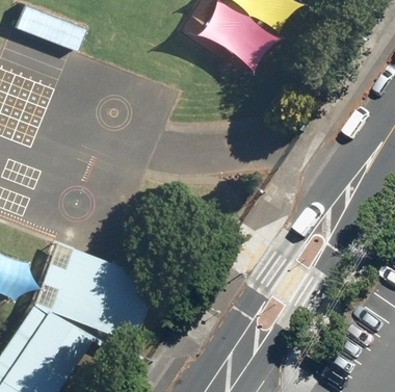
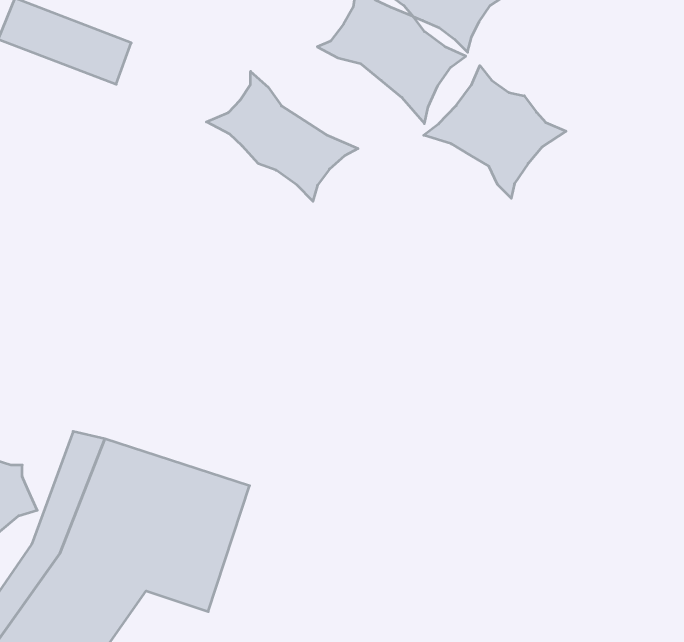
building: none -> [424,66,566,198]
building: none -> [206,71,358,201]

